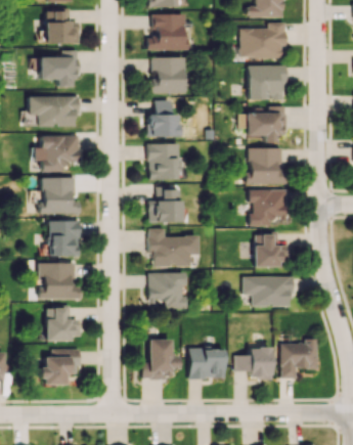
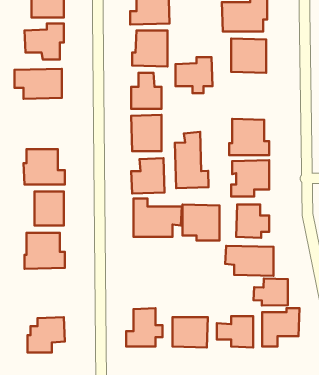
building: [249,106,286,143] -> [175,57,213,93]
building: [35,135,81,172] -> none
building: none -> [175,132,209,188]
building: [149,272,187,309] -> [182,204,220,241]
building: [47,308,81,342] -> none
building: none -> [254,278,288,305]

